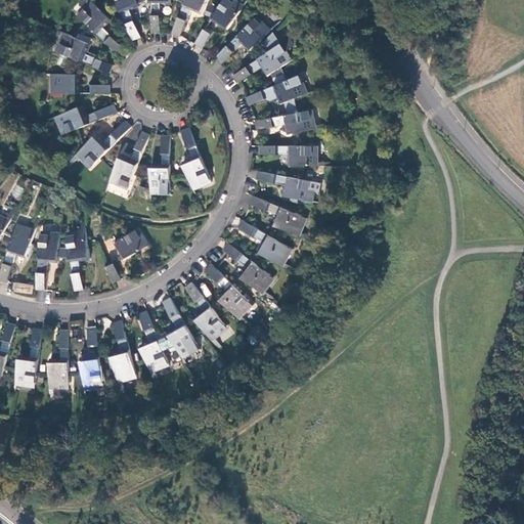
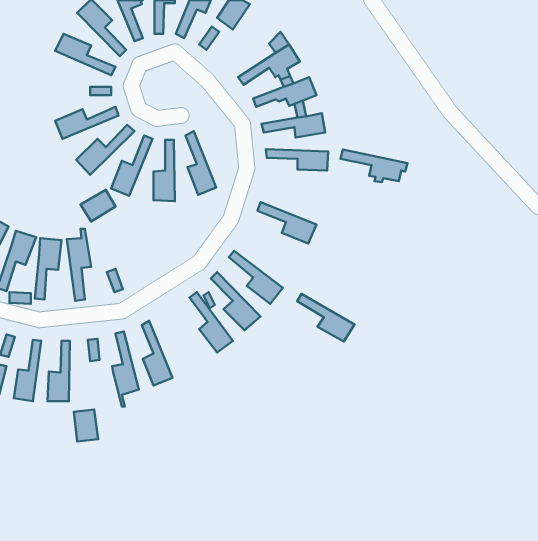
building: [214,16,269,63] -> none
building: [48,74,78,92] -> none
building: [255,170,319,202] -> [341,149,407,182]
building: [236,220,292,266] -> [297,294,354,342]
building: [113,228,146,259] -> [80,190,115,221]
building: [162,298,198,358] -> none
building: [78,356,101,387] -> [74,410,98,441]

